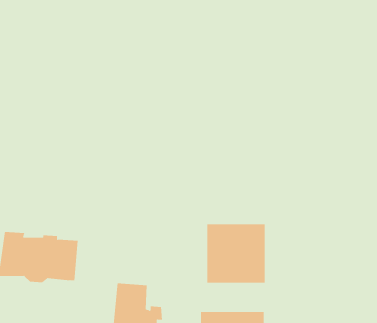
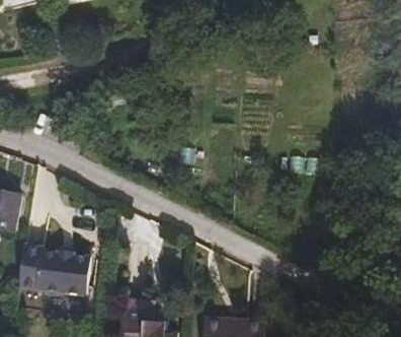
building: [207,224,265,284] -> none

